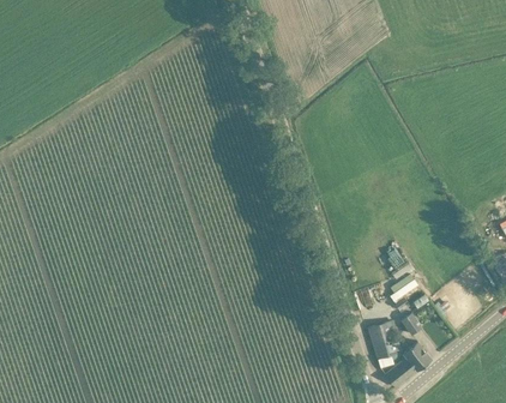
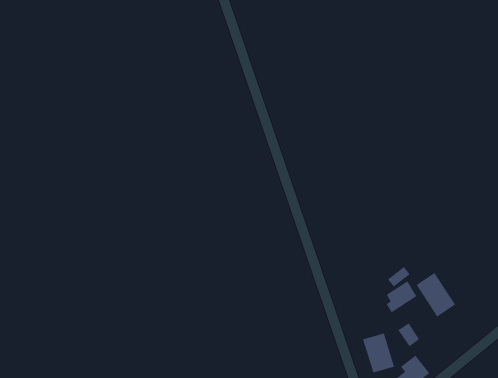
building: none -> [416,272,456,317]

